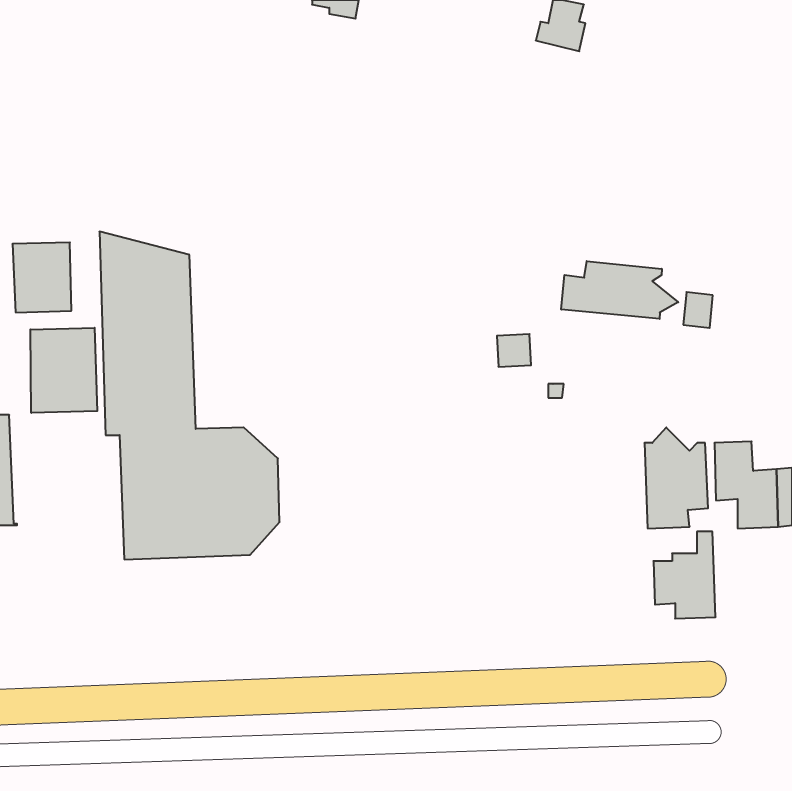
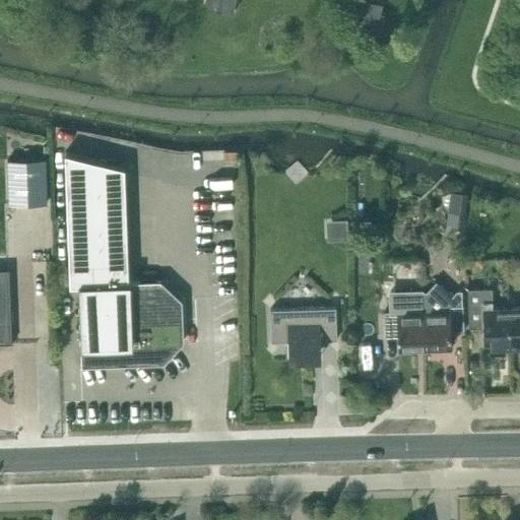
building: [561,261,678,319] -> none
building: [30,328,97,413] -> none
building: none -> [269,309,336,360]
building: [653,532,716,619] -> [383,291,424,348]

